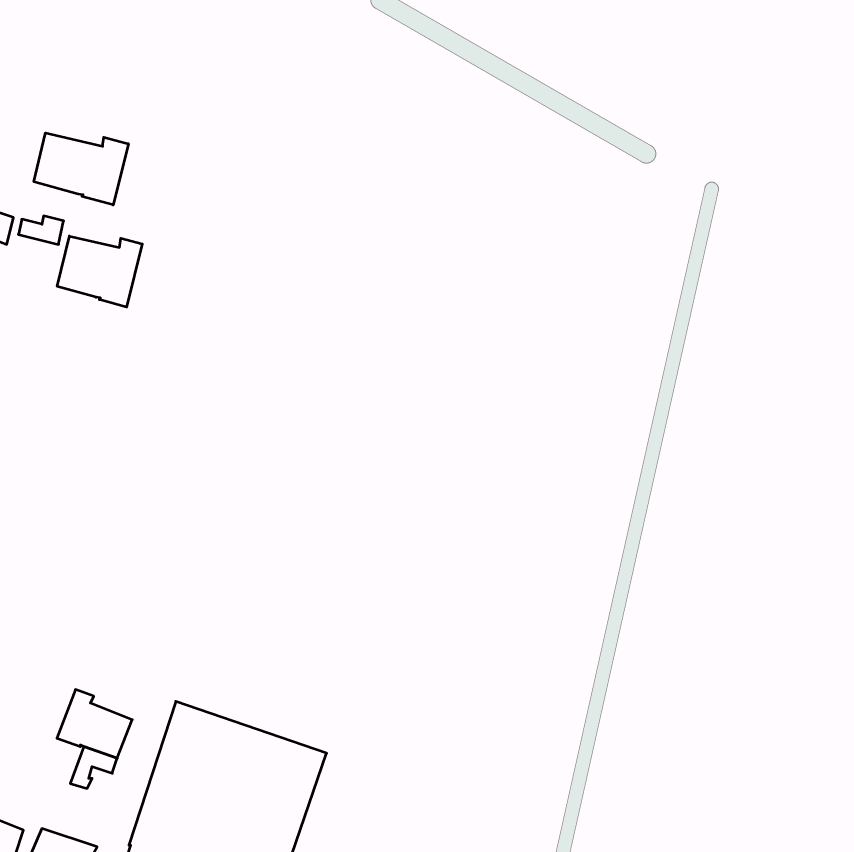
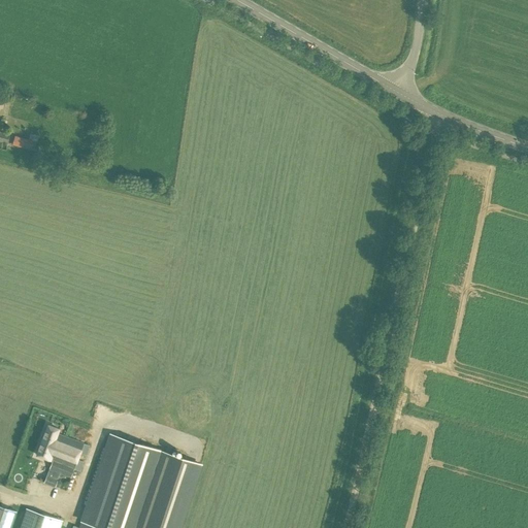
building: [34,133,128,205] -> none
building: [57,236,142,307] -> none

